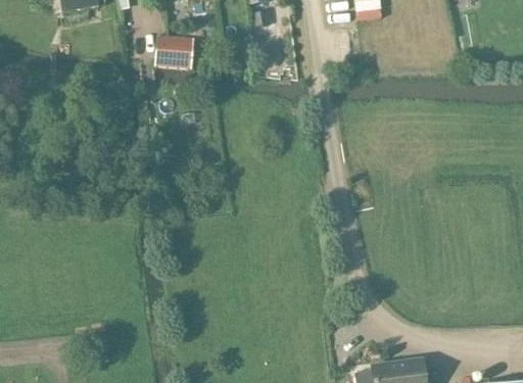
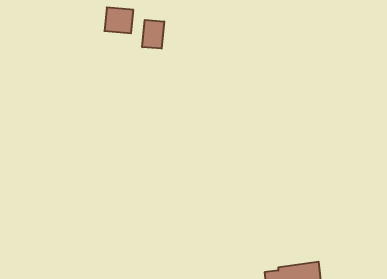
building: none -> [142,20,164,49]

